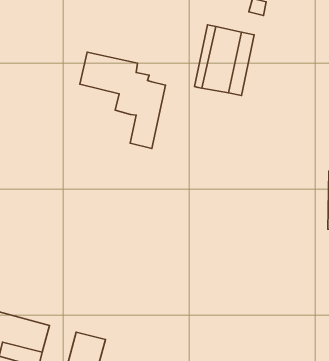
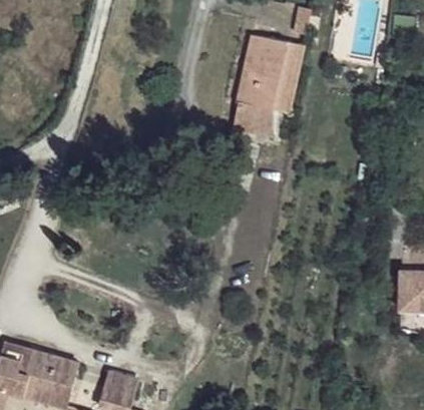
building: [80,52,166,148] -> none
building: none -> [234,103,274,139]

